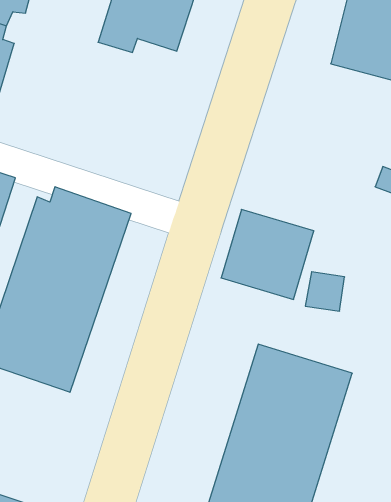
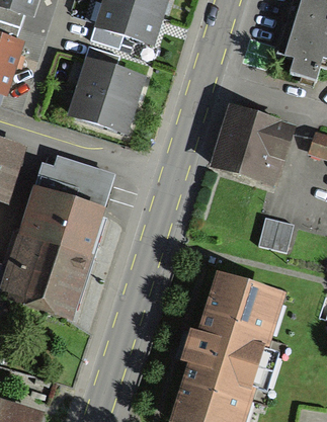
building: none -> [66,44,145,133]
building: [221,209,314,299] -> [213,109,287,181]

